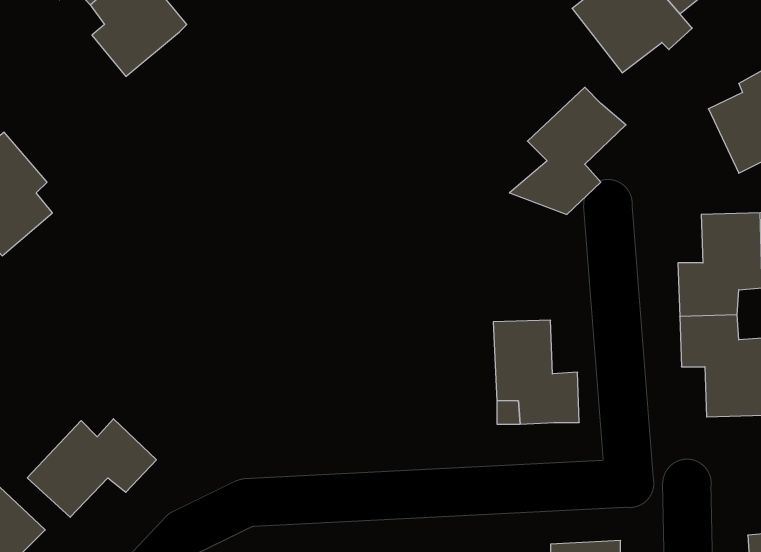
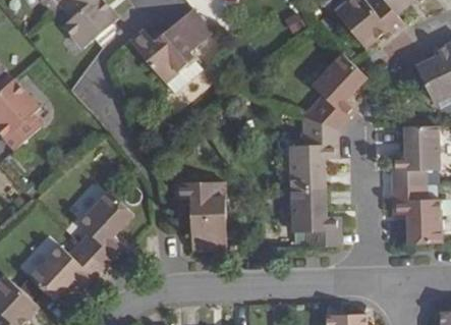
building: none -> [129,11,212,85]
building: none -> [289,127,335,188]
building: none -> [174,183,224,251]
building: none -> [75,193,130,267]

